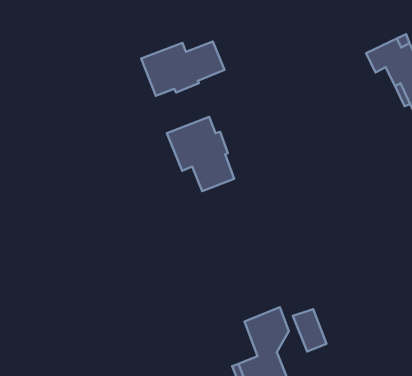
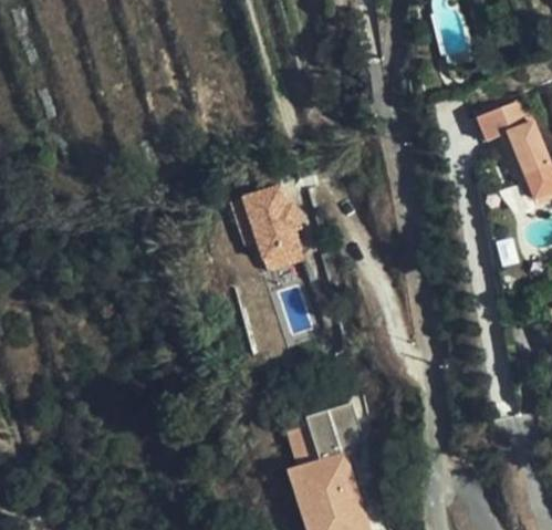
building: [141,41,224,96] -> none
building: [293,309,326,352] -> [287,425,324,475]

